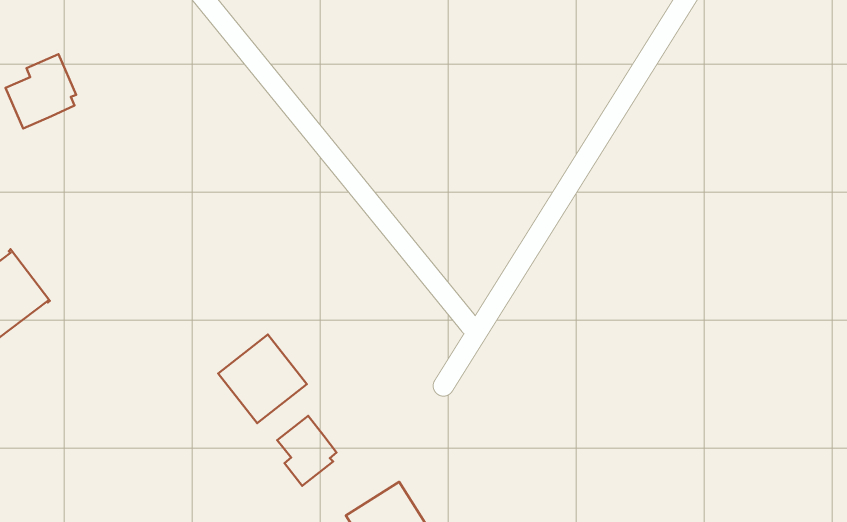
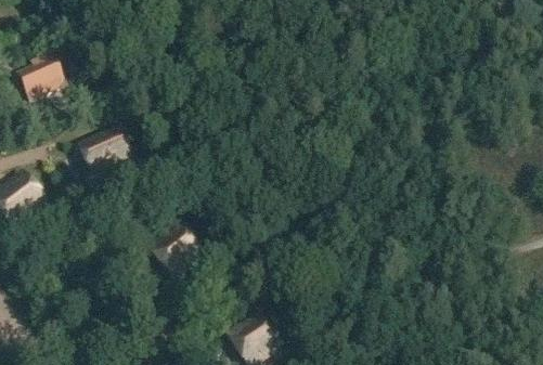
building: none -> [78,125,129,169]
building: [277,416,336,486] -> none

